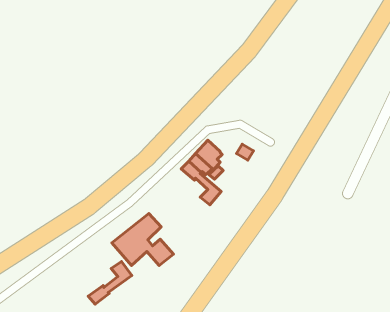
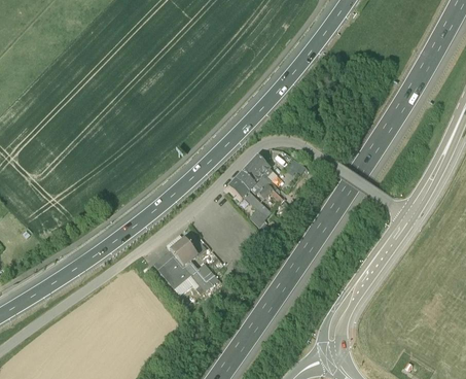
building: [88,261,132,304] -> none

